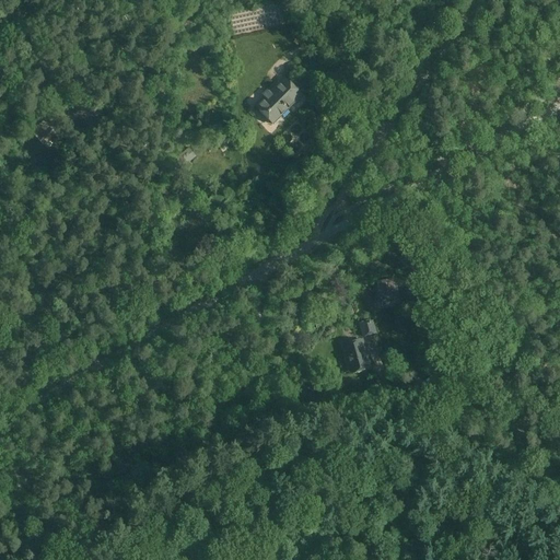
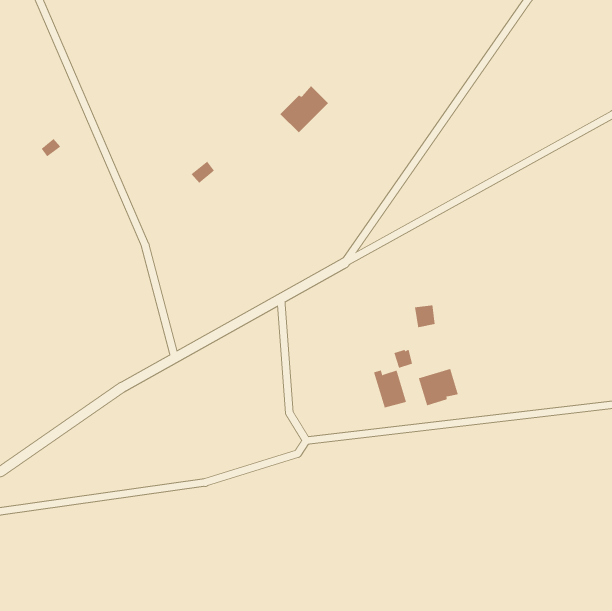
building: none -> [418,368,458,406]

